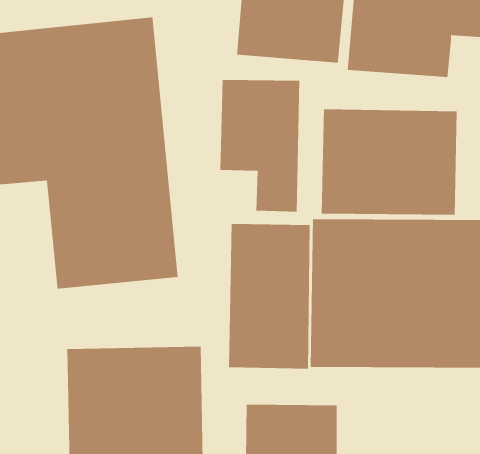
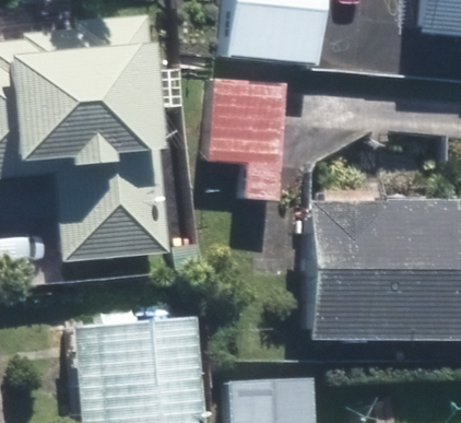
building: [321,108,458,216] -> none
building: [228,223,311,369] -> none

